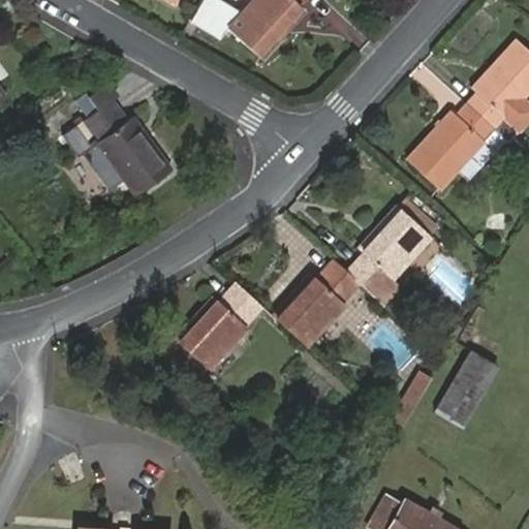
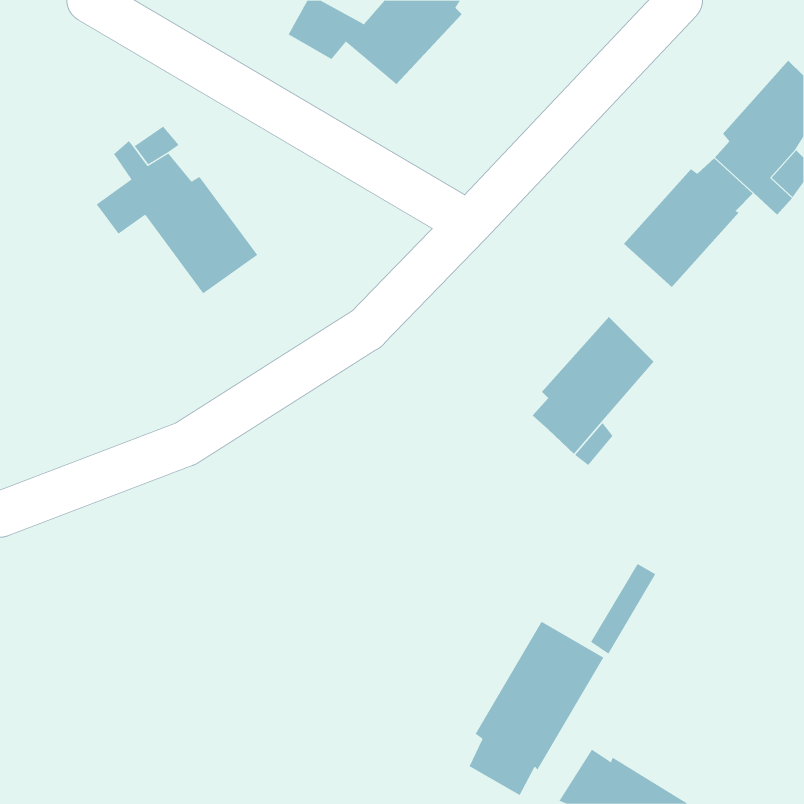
building: [277,259,360,346] -> none
building: [176,282,262,369] -> none
building: [436,353,497,427] -> none
building: none -> [469,621,604,796]

